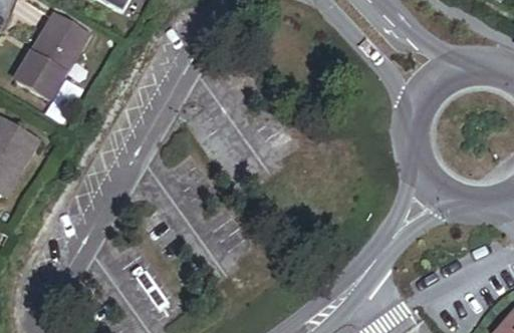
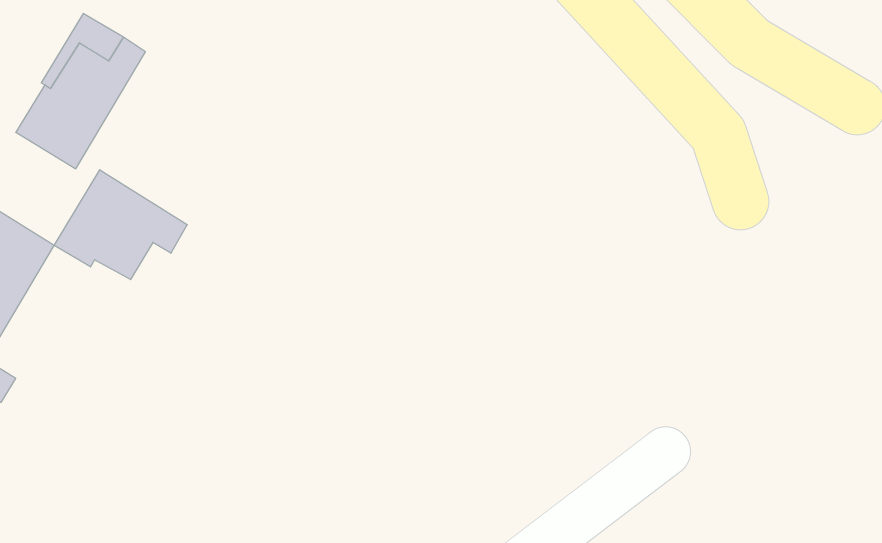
building: none -> [54,170,187,280]

